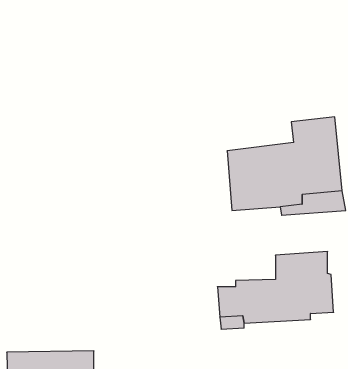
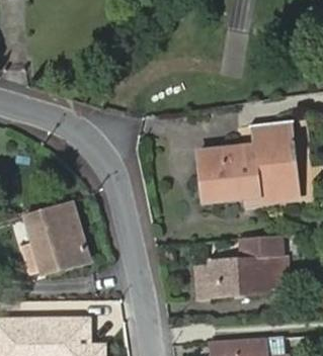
building: none -> [21,199,91,275]

